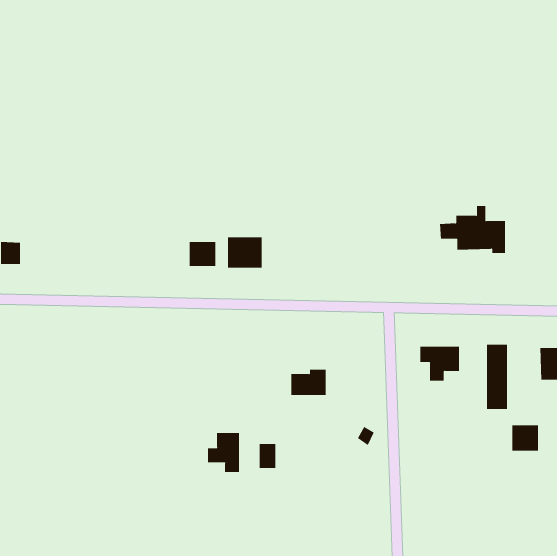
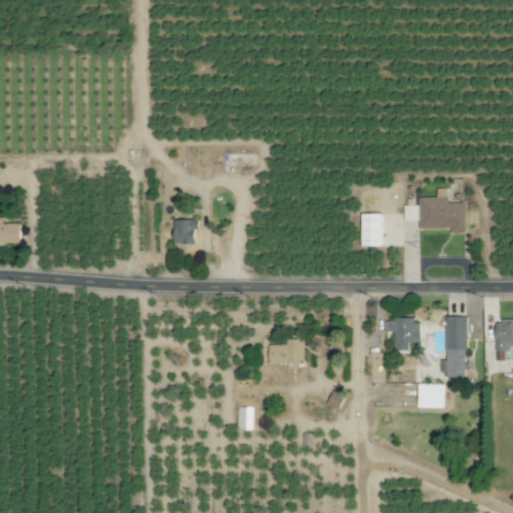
building: none -> [362,213,383,246]
building: [228,236,262,269] -> none
building: [512,425,539,451] -> [419,384,444,408]
building: [208,432,239,473] -> none

